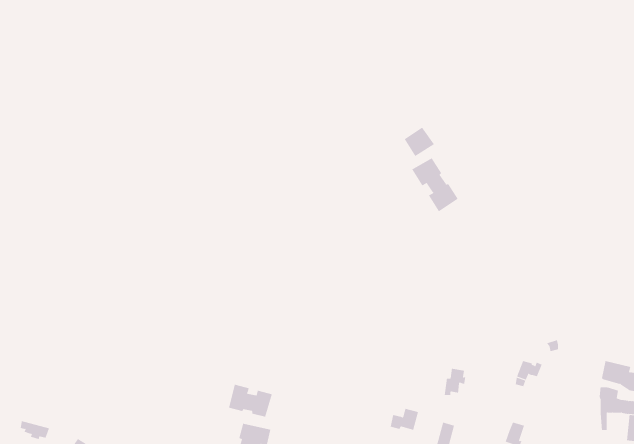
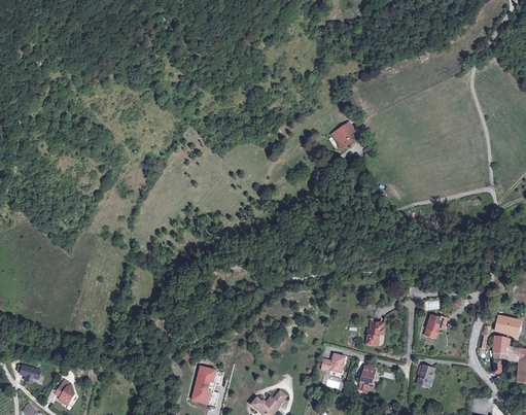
building: [411,158,458,212] -> none
building: [229,384,272,417] -> none

